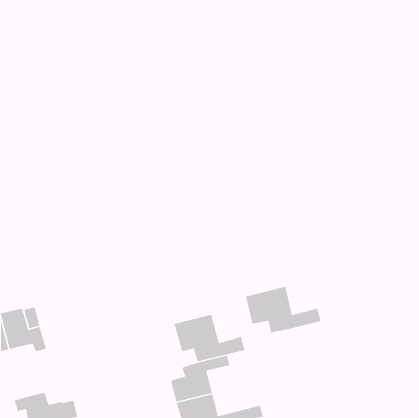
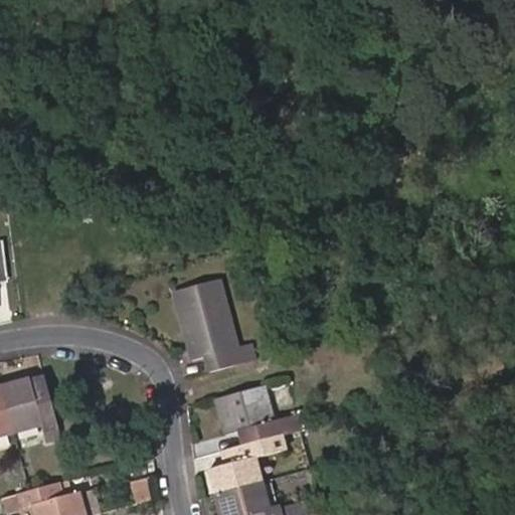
building: none -> [173,279,254,371]
building: [245,286,322,333] -> none

